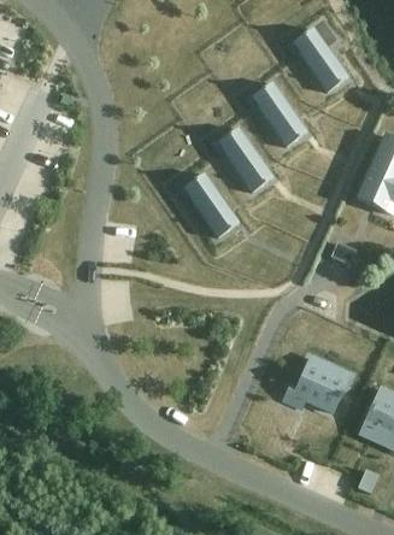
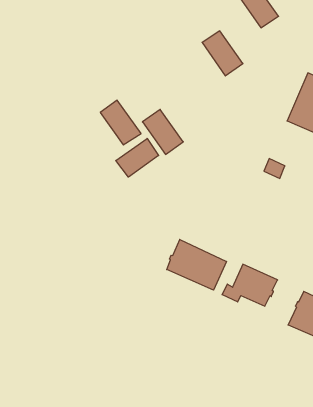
building: [225,136,272,188] -> [100,100,141,145]
building: none -> [116,138,159,177]
building: none -> [167,239,226,290]

